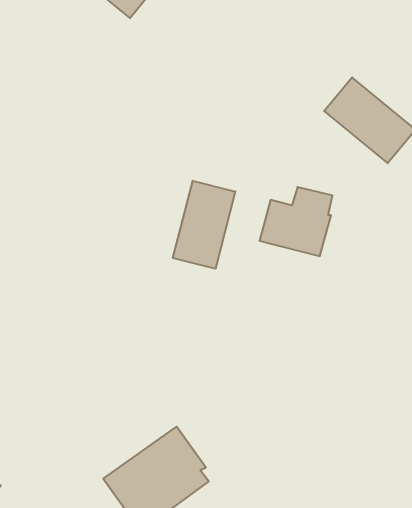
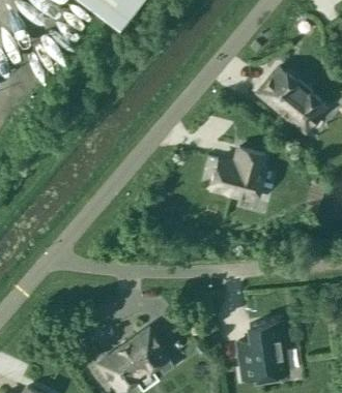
building: [173,181,235,269] -> none
building: none -> [239,320,288,377]

